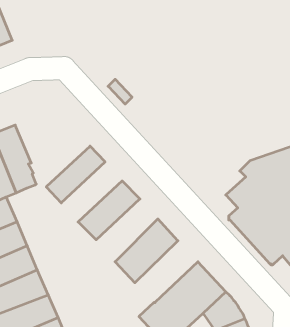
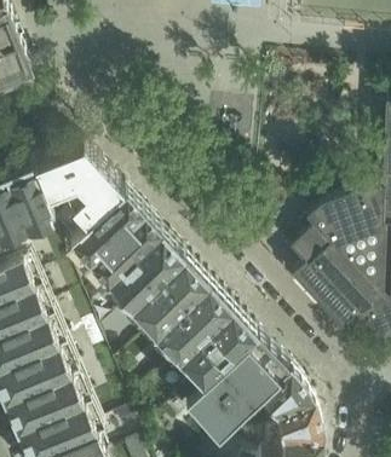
building: none -> [34,150,125,244]
building: none -> [84,214,163,289]
building: none -> [123,259,207,342]
building: none -> [157,310,255,405]

